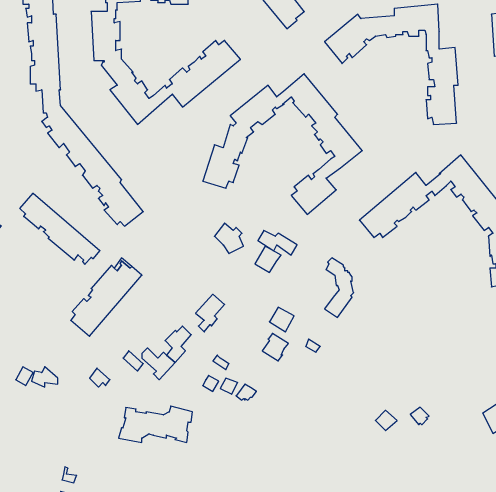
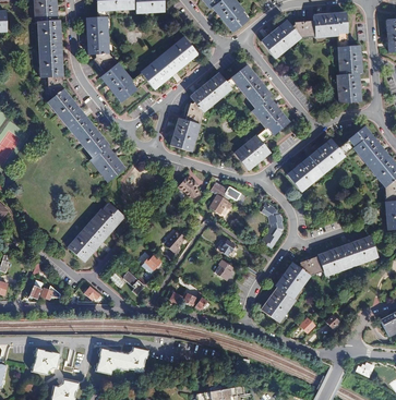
building: [20,193,100,264] -> none
building: none -> [261,235,376,319]
building: [119,406,192,442] -> [93,346,148,373]
building: none -> [29,347,59,374]

